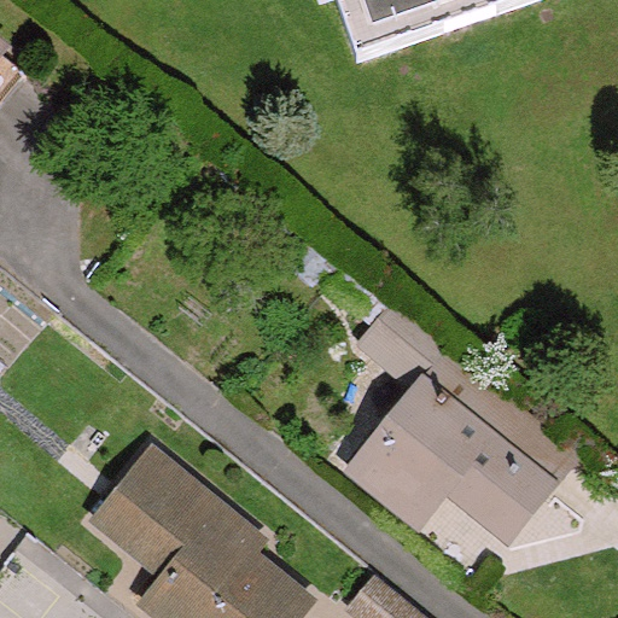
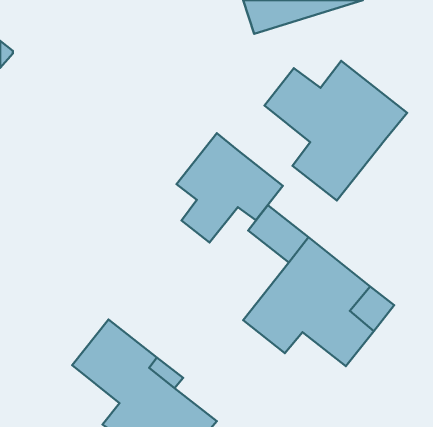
building: none -> [265,61,407,201]
building: none -> [176,133,283,242]

